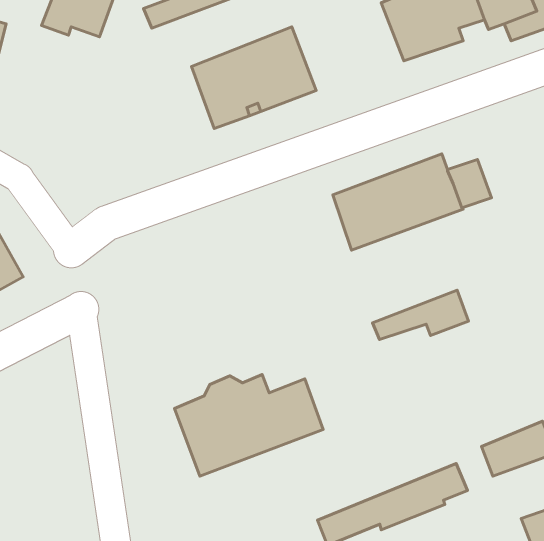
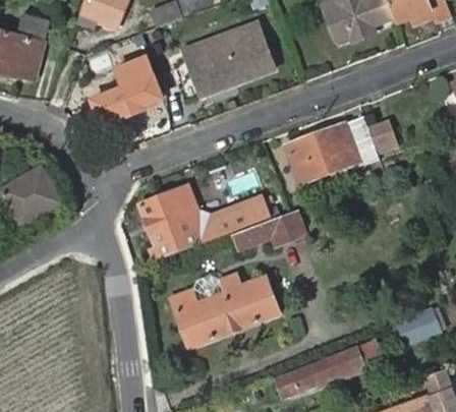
building: none -> [94,60,159,121]
building: none -> [139,185,269,259]
building: [372,290,469,340] -> [234,213,303,248]

